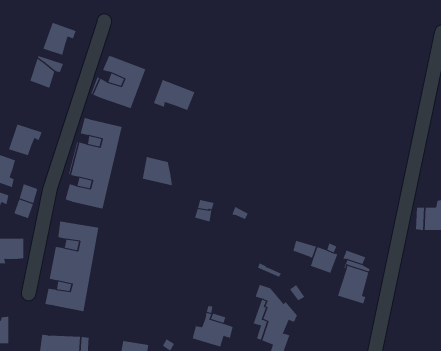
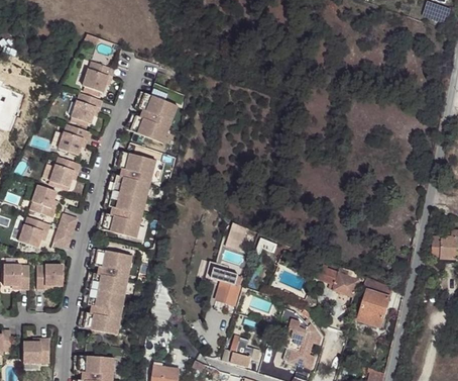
building: [153,79,195,111] -> none
building: none -> [56,123,88,155]
building: [142,156,172,186] -> none
building: none -> [205,261,242,304]

